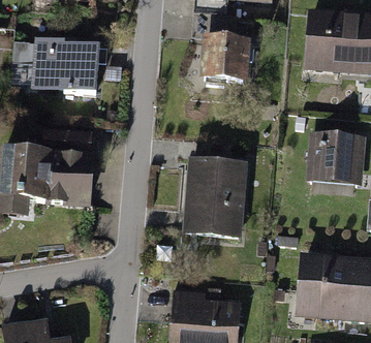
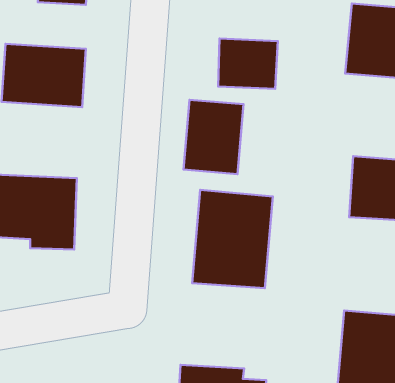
building: none -> [184,100,243,174]

